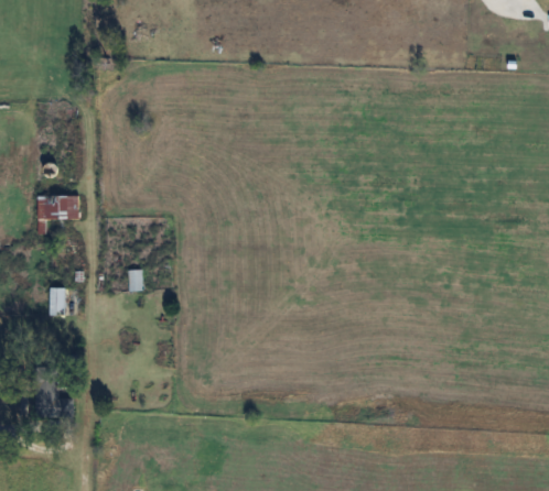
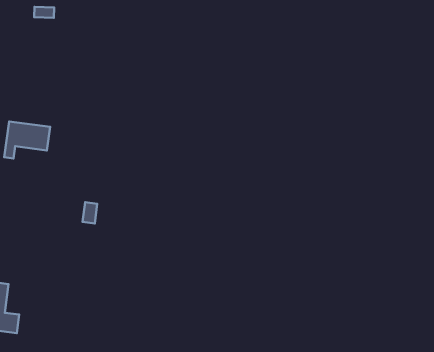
building: [50,287,66,316] -> none

